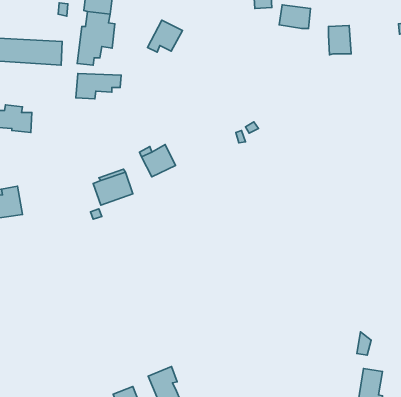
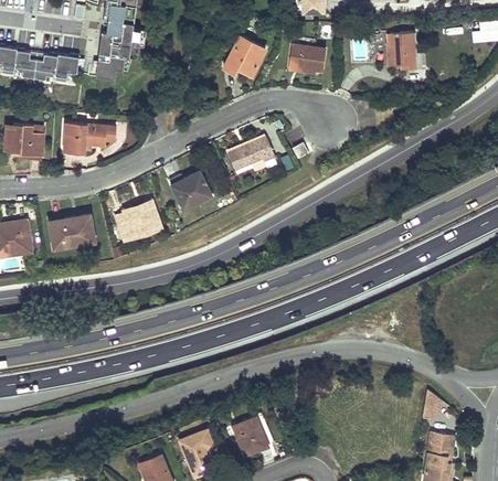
building: [279,5,310,28] -> [288,44,325,72]
building: [148,20,183,52] -> [224,36,265,74]
building: [76,73,121,99] -> [63,124,116,153]
building: none -> [227,137,275,170]
building: none -> [50,214,96,249]
building: none -> [232,418,268,457]

